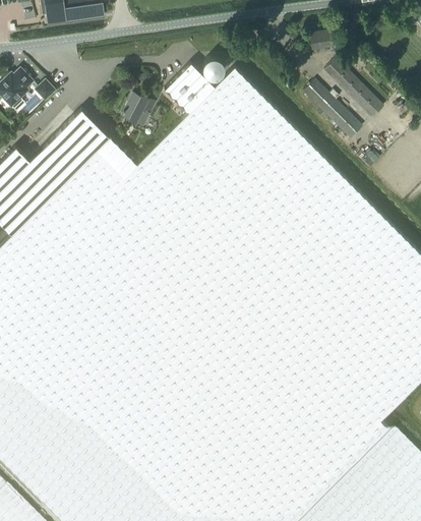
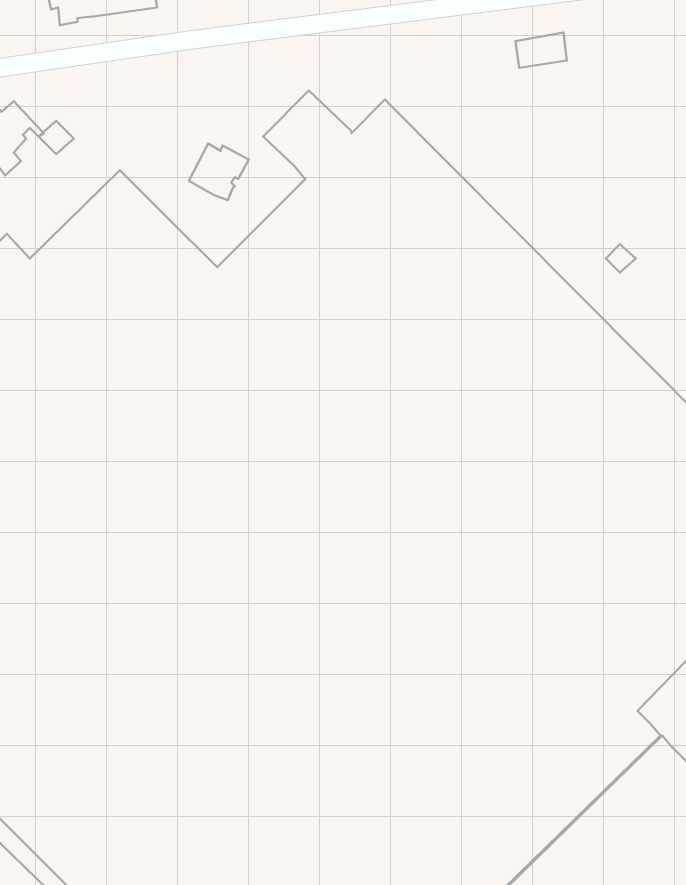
building: [324,58,384,118] -> none
building: [303,78,363,138] -> none

